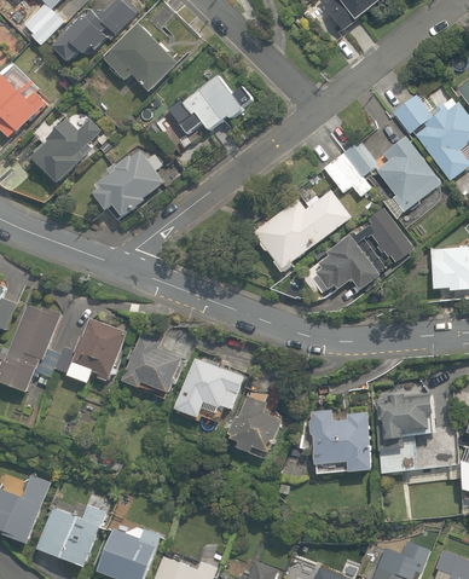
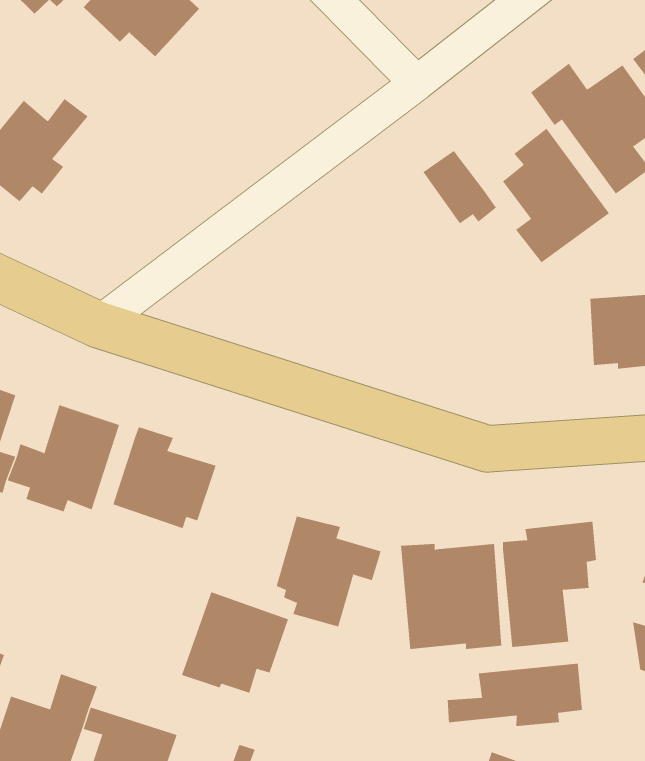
building: [166,73,247,135] -> none
building: [342,140,375,176] -> none
building: [89,146,167,221] -> none
building: [247,186,351,272] -> none
building: [309,210,409,294] -> none
building: [173,357,243,423] -> [181,591,289,694]
building: none -> [447,663,583,727]

